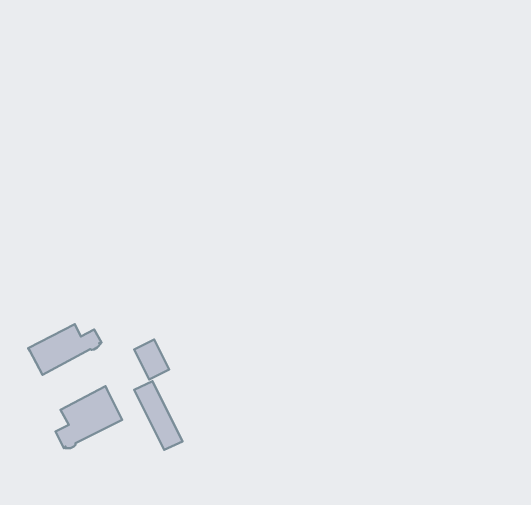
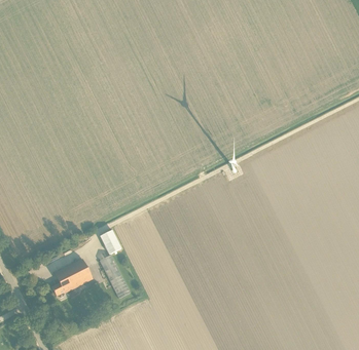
building: [28,324,101,375] -> none

